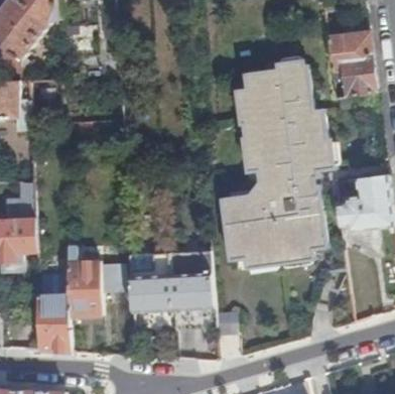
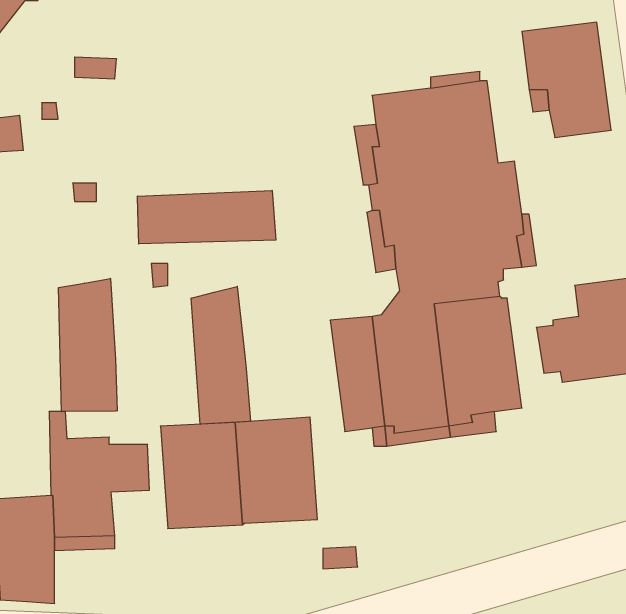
building: none -> [138,190,276,244]
building: none -> [59,278,117,412]
building: none -> [191,286,250,424]

